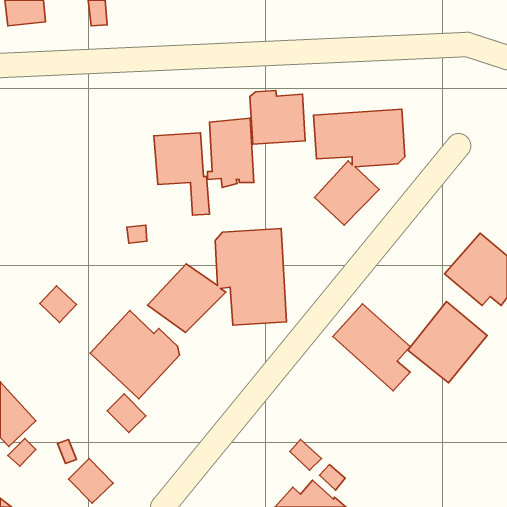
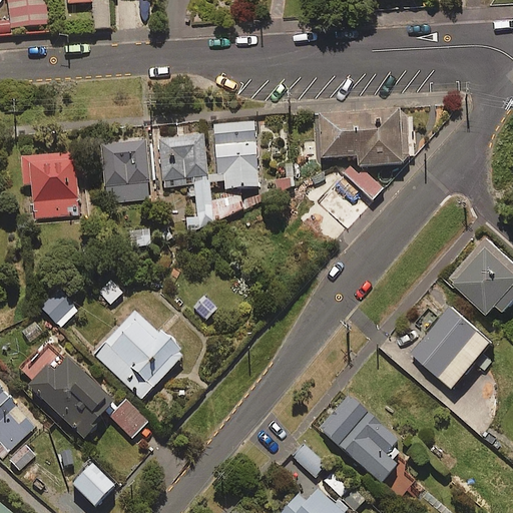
building: [250,90,305,144] -> none
building: none -> [99,137,149,202]
building: none -> [20,152,77,217]
building: [147,229,287,333] -> none
building: [333,304,410,391] -> [318,393,396,481]
building: none -> [24,353,110,434]

